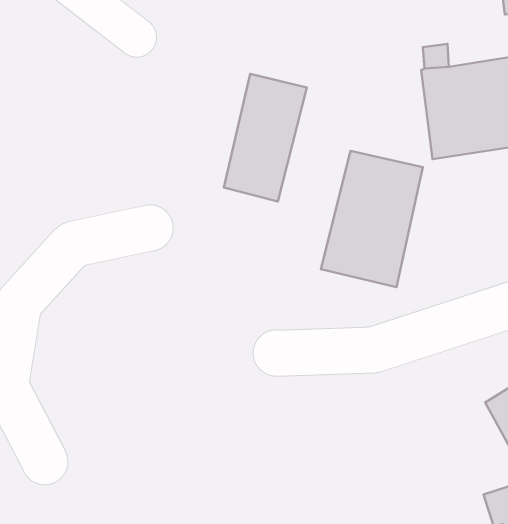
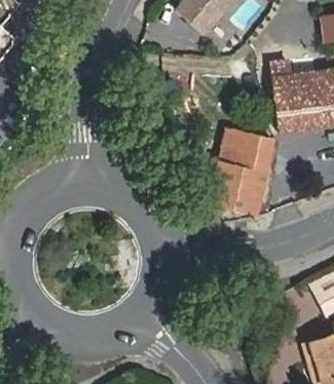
building: [224,74,307,201] -> none

